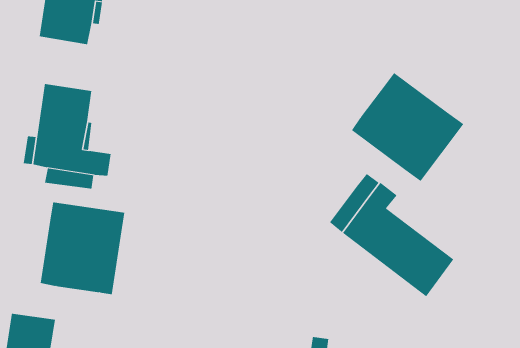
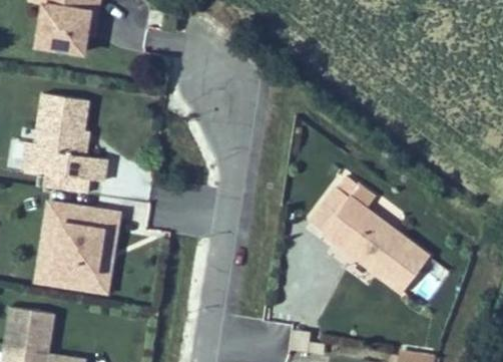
building: [351,72,464,182] -> none

